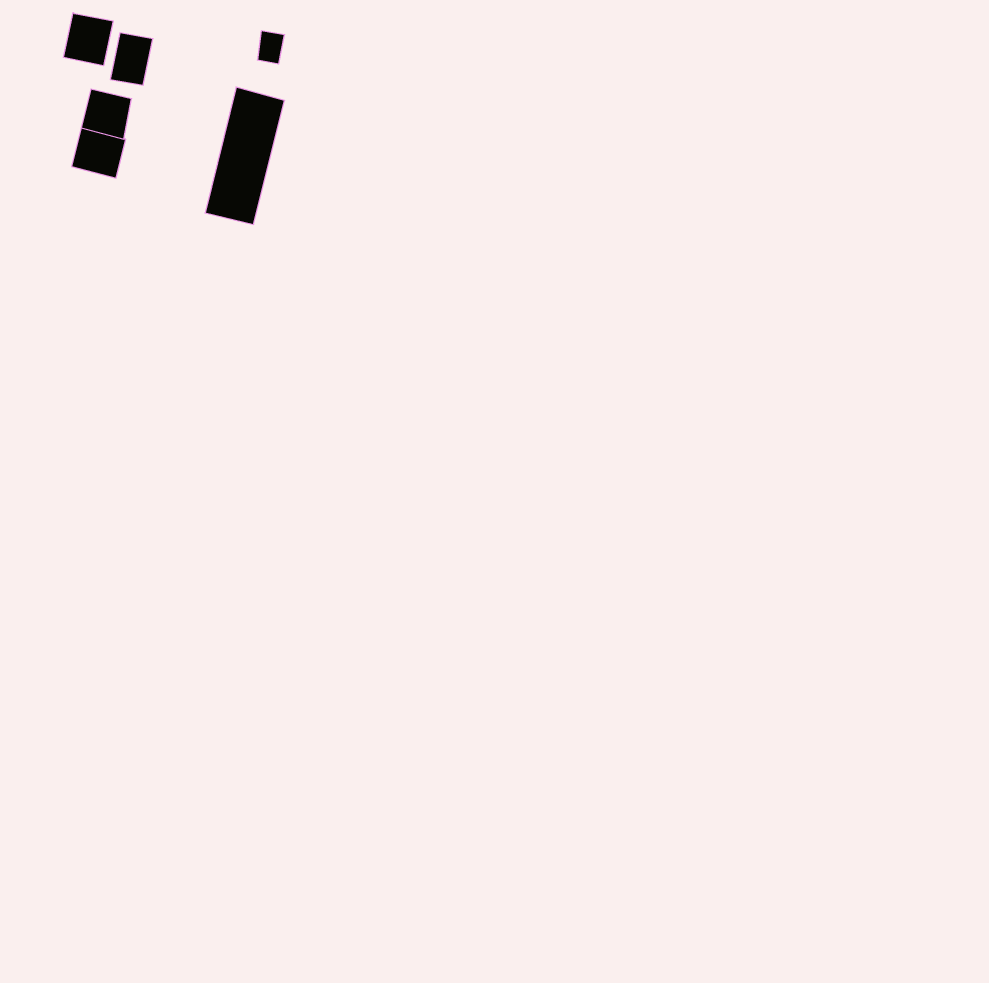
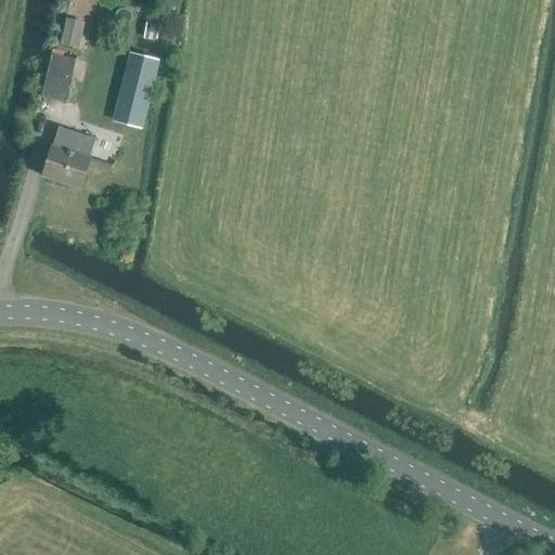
building: [63,13,113,66] -> none
building: none -> [41,127,90,185]

